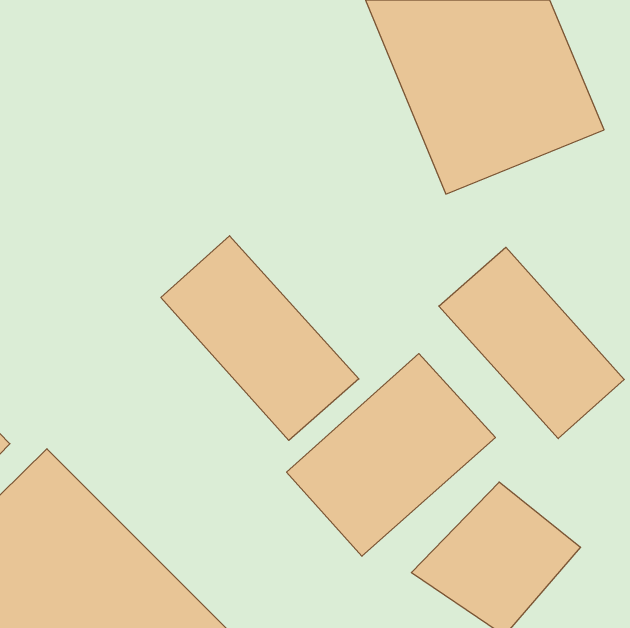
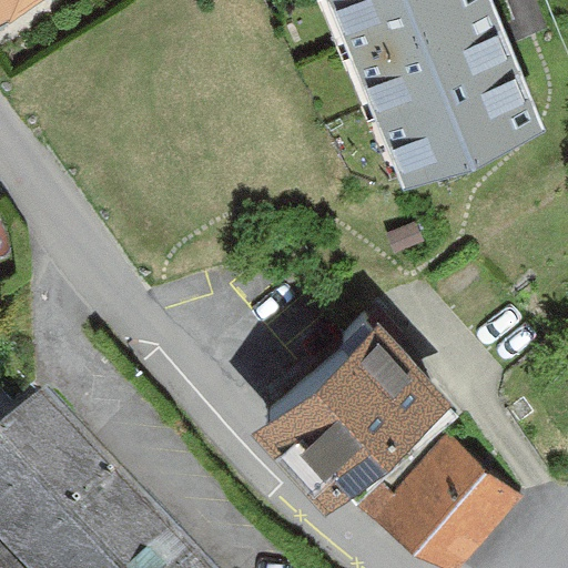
building: [161,236,359,440] -> none
building: [439,247,624,439] -> none

